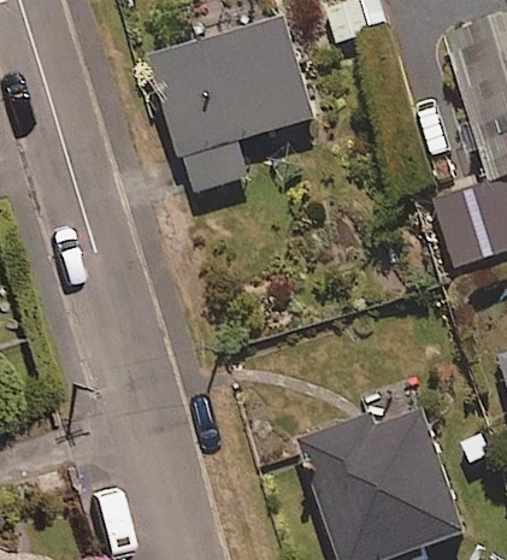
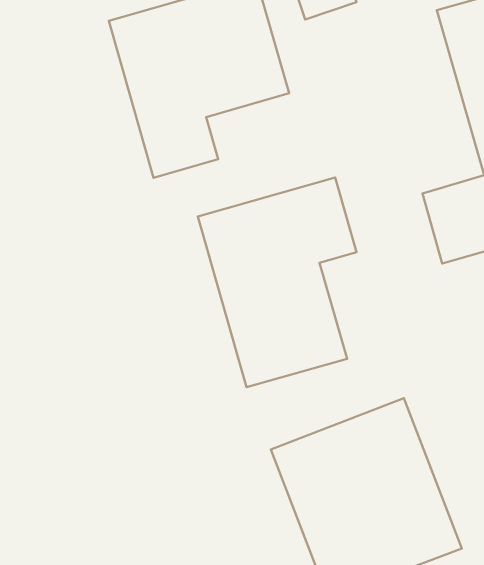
building: none -> [198,177,356,387]

